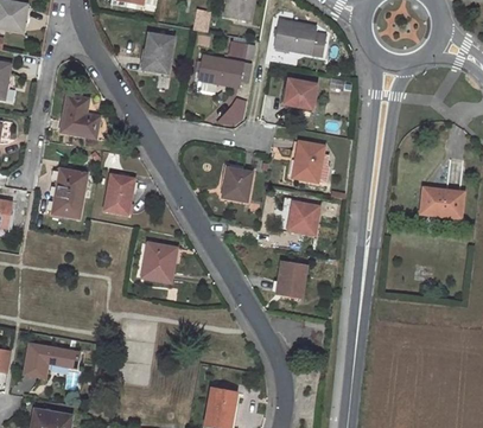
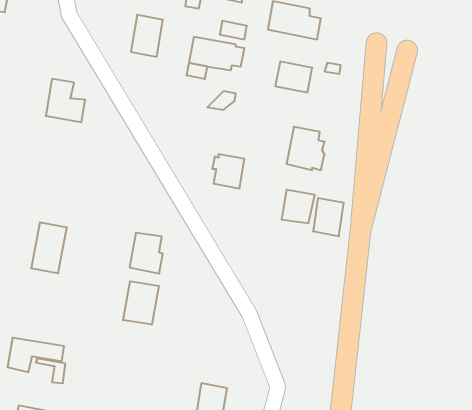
building: [52,168,87,217] -> [31,222,67,273]
building: [103,174,133,213] -> none
building: [420,187,463,218] -> none
building: [275,261,305,298] -> [313,198,344,236]
building: none -> [123,281,159,325]

